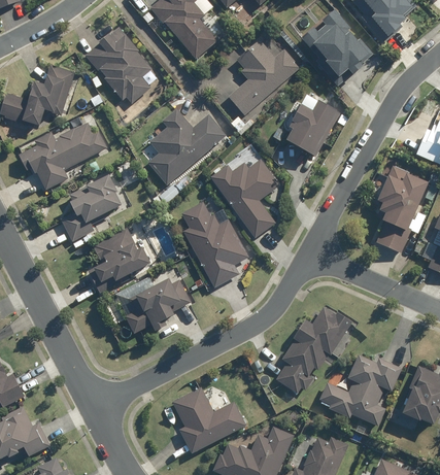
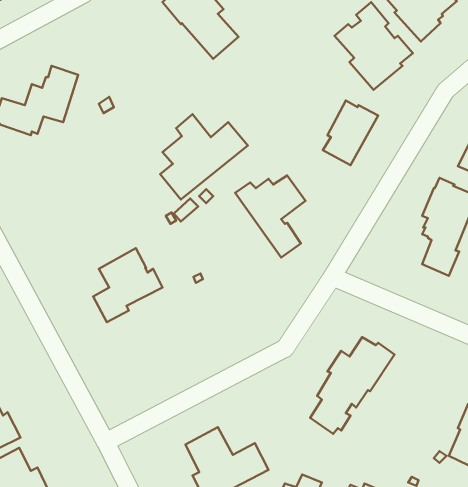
building: [84,28,150,104] -> none
building: [228,40,299,114] -> none
building: [18,124,106,190] -> none
building: [60,175,120,242] -> none
building: [185,207,244,285] -> none
building: [125,278,190,334] -> none
building: [323,355,404,427] -> none

